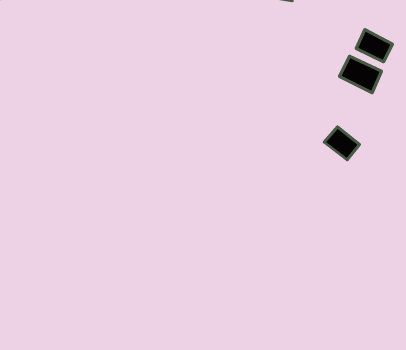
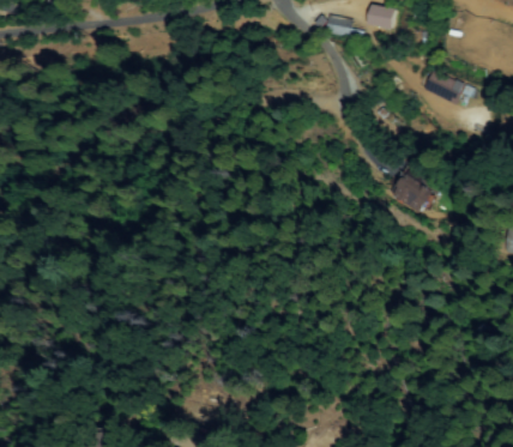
building: [340,56,381,93] -> none

